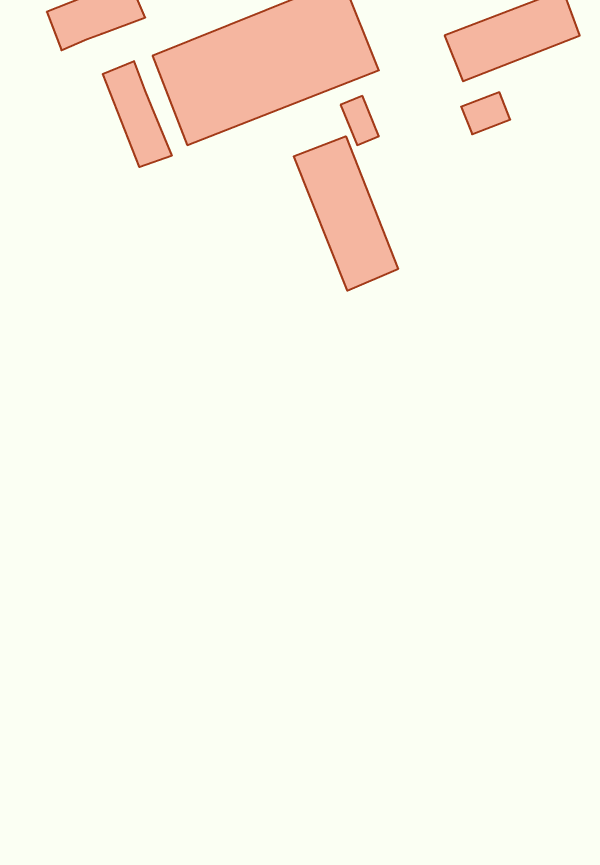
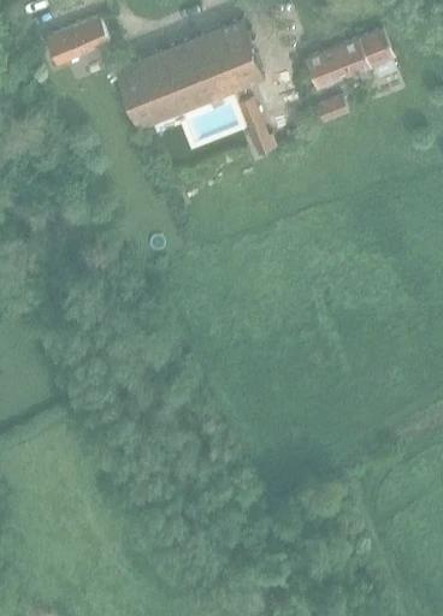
building: [103,61,172,167] -> none
building: [294,136,398,291] -> none

